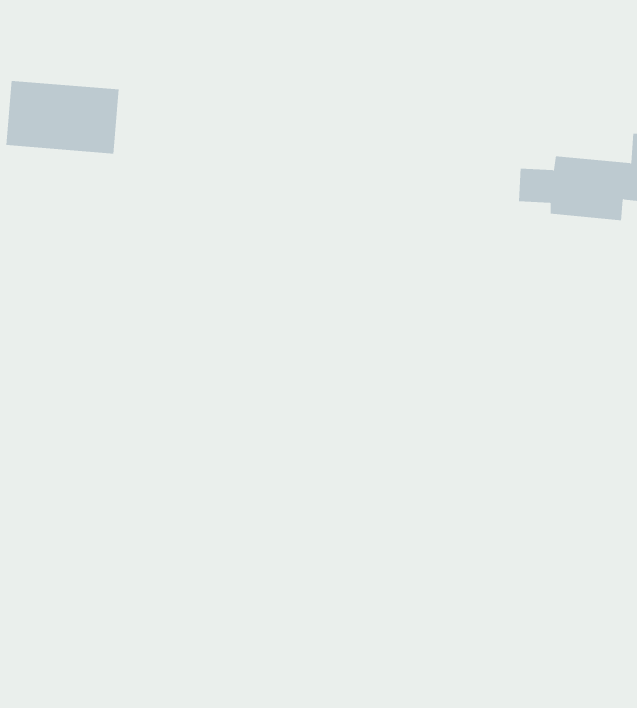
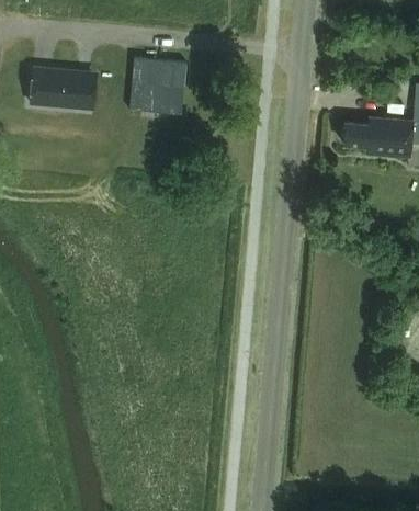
building: none -> [128,56,185,114]

